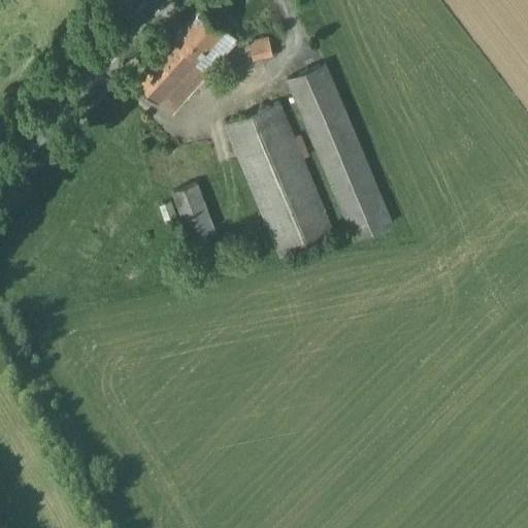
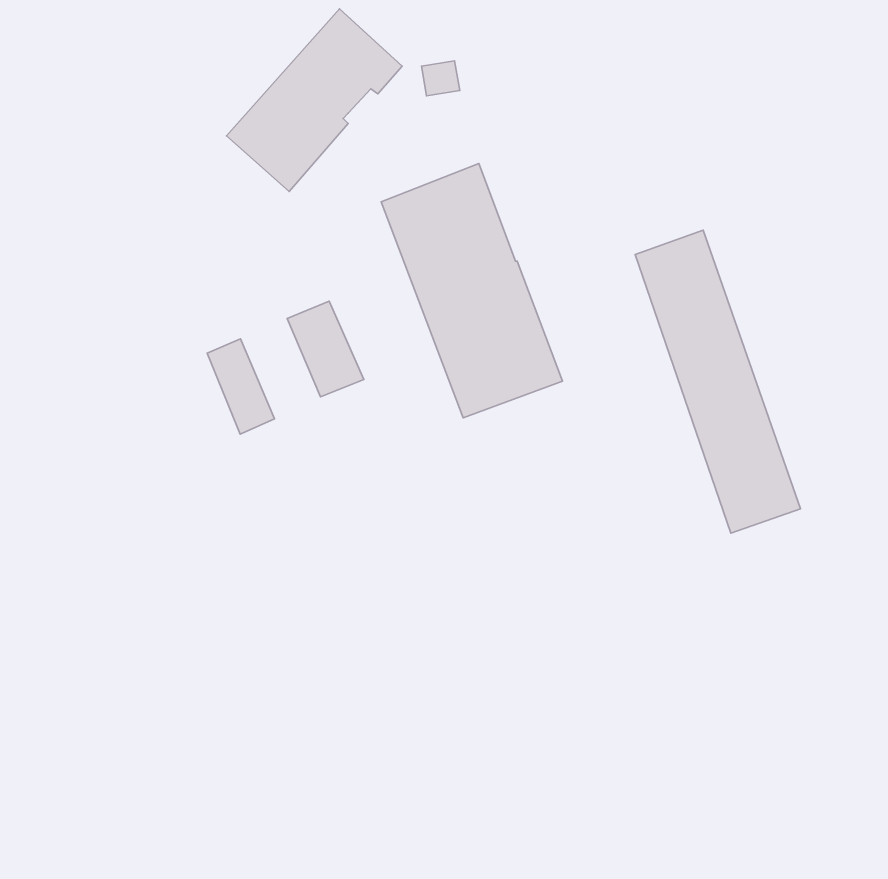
building: [292,64,390,243] -> [635,230,801,533]
building: none -> [207,339,274,434]

